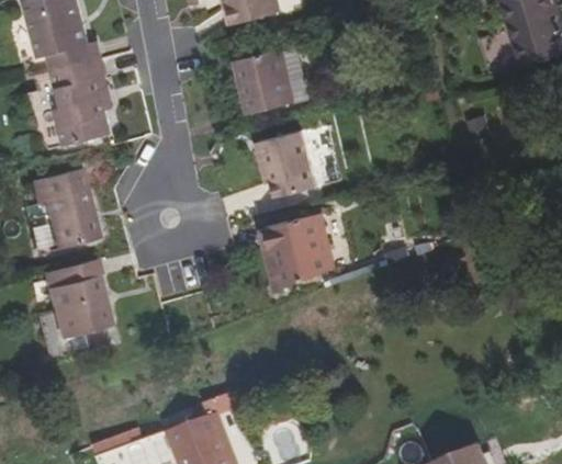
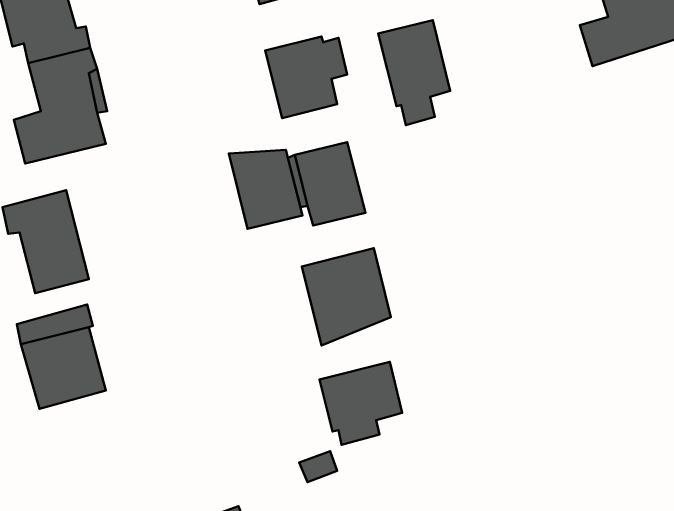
building: none -> [378,20,450,125]
building: none -> [229,150,302,229]
building: none -> [319,362,402,445]

